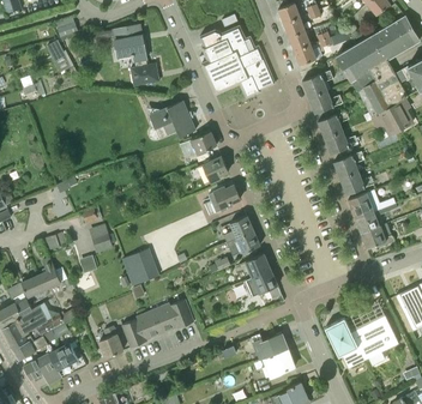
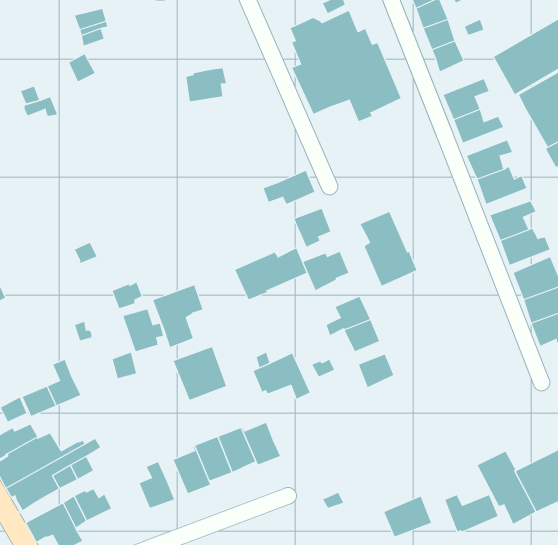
building: [111,25,146,67] -> none
building: [149,101,194,138] -> none
building: none -> [360,211,417,287]
building: none -> [234,248,307,300]
building: none -> [152,284,203,348]
building: [242,269,281,300] -> [253,353,310,400]
building: [251,334,287,360] -> [445,495,498,532]

